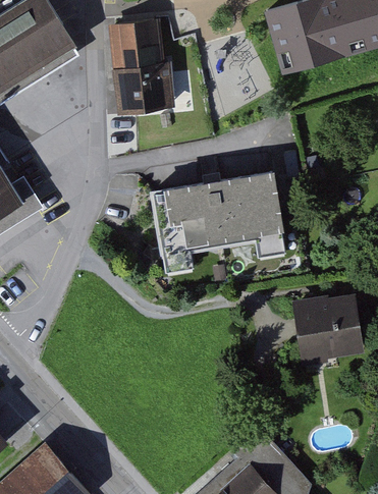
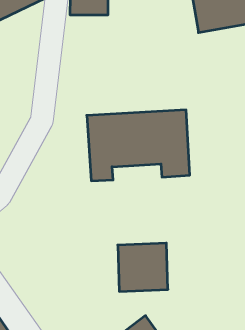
building: [112,63,174,113] -> none
building: [288,296,358,364] -> [118,243,168,291]

